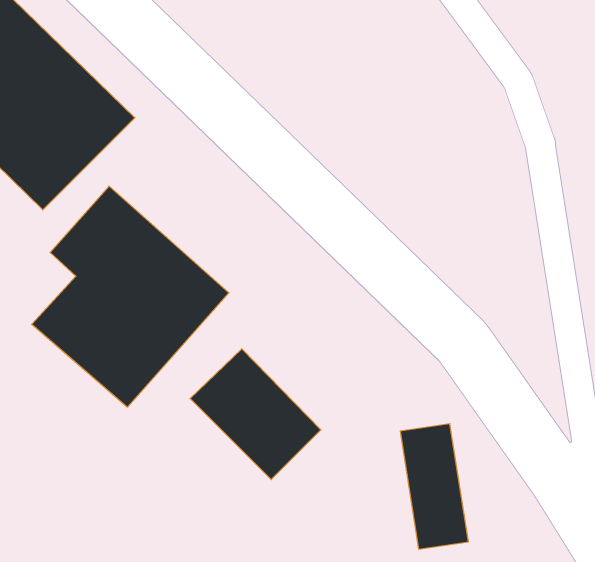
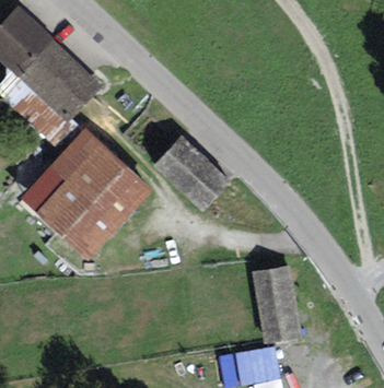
building: [190,349,321,480] -> [152,134,230,212]

